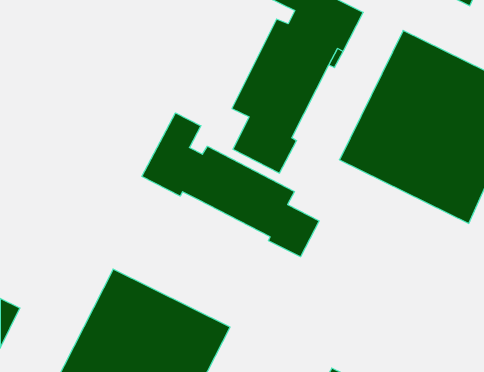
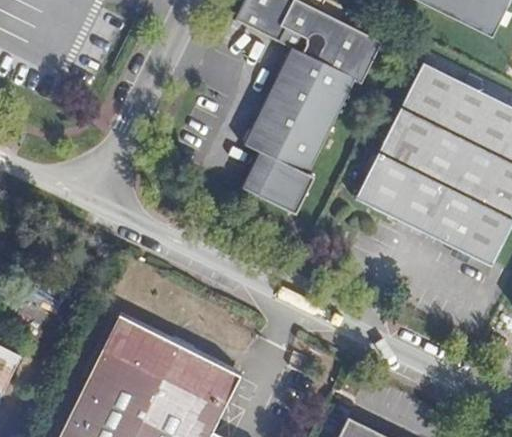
building: [142,113,319,257] -> none

